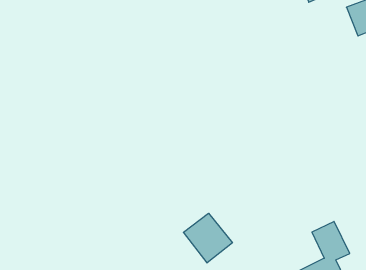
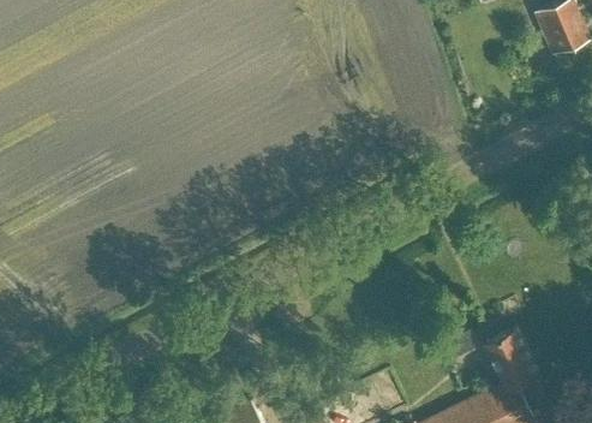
building: [183,213,232,263] -> none

